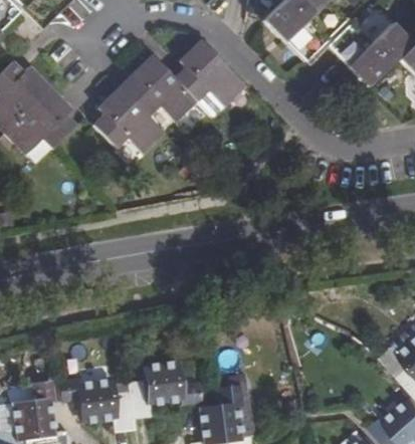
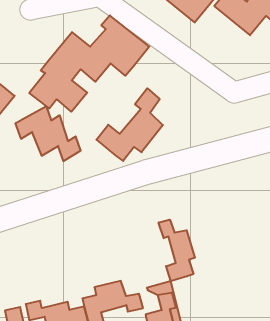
building: none -> [96,88,163,161]
building: none -> [16,106,81,161]
building: none -> [159,220,195,281]

